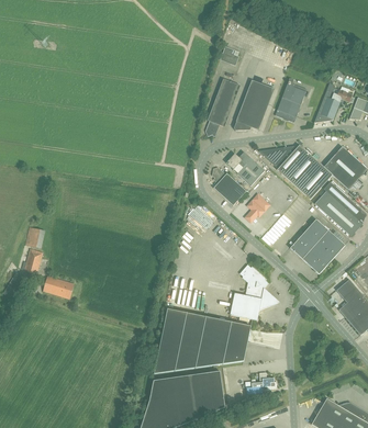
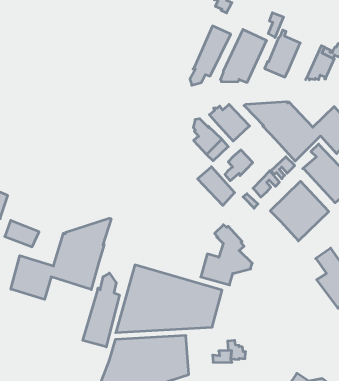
building: none -> [198,167,235,205]
building: none -> [11,218,111,299]
building: none -> [83,273,119,347]

